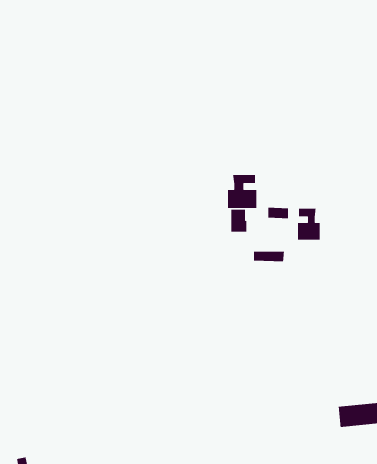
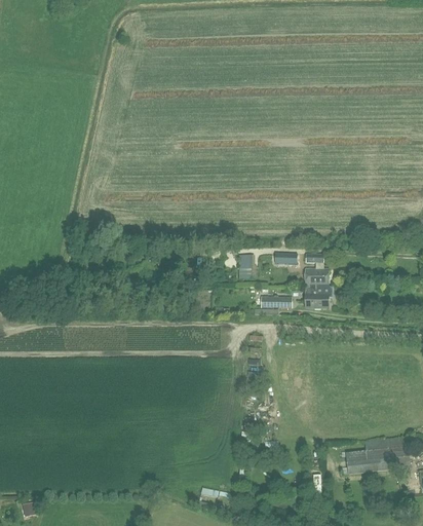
building: [227,174,257,209] -> none
building: none -> [304,286,333,308]

